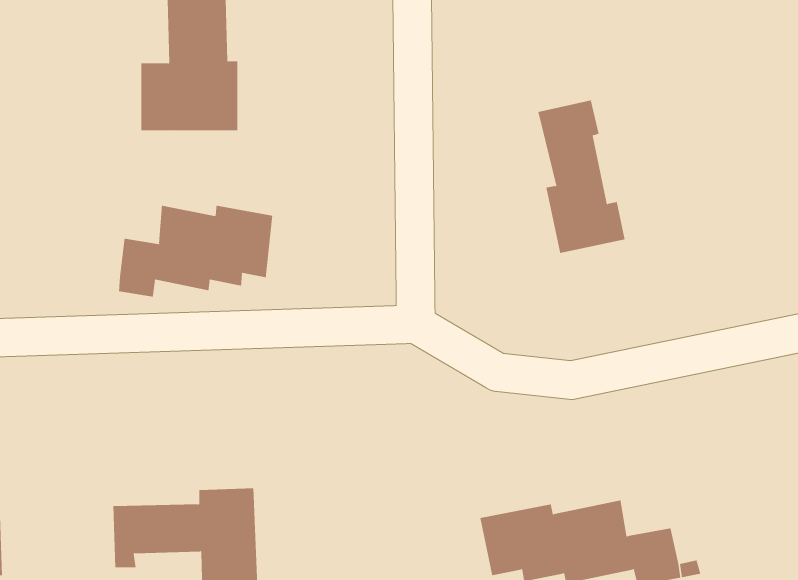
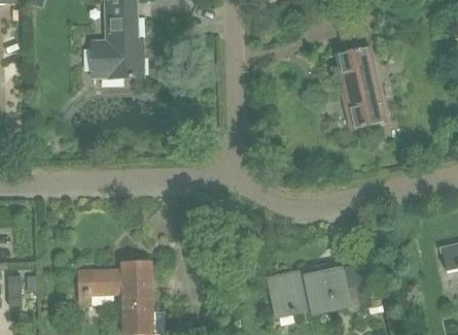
building: [538,100,625,253] -> [340,49,385,129]
building: [118,205,273,298] -> none

